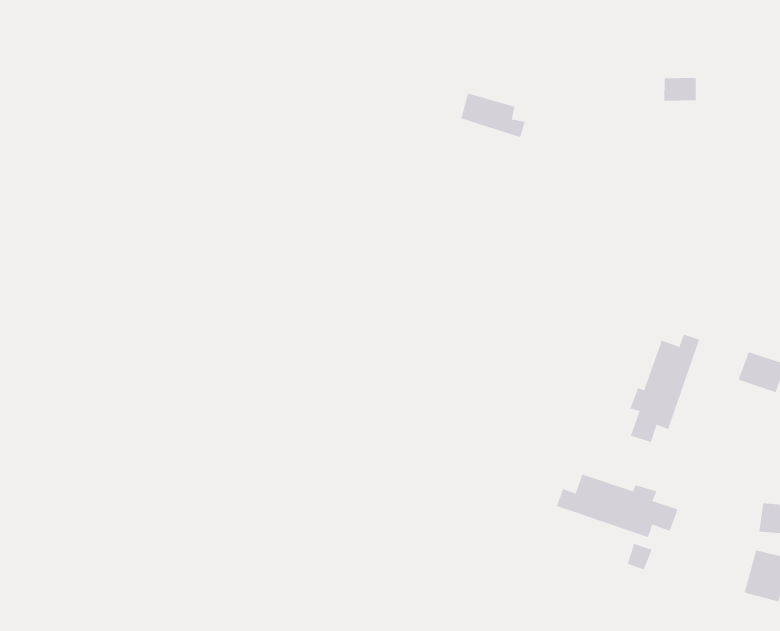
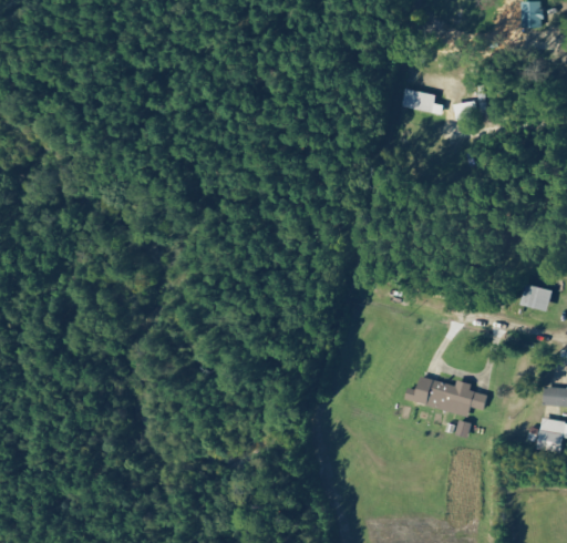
building: [460,93,526,138] -> [399,88,443,115]
building: [630,334,700,443] -> none

